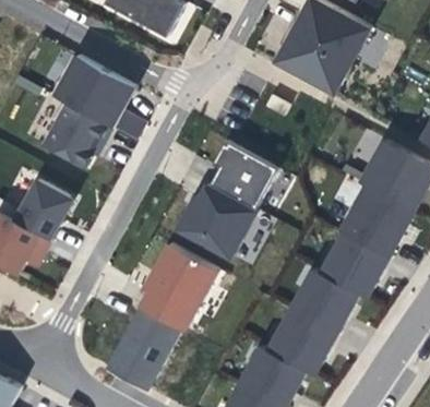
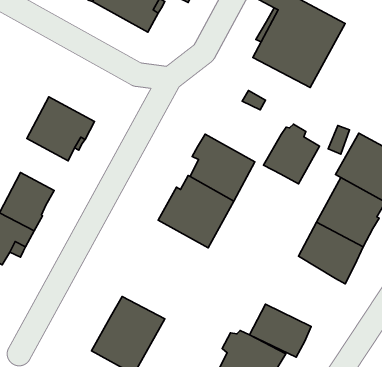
building: [55,56,145,141] -> none
building: none -> [263,124,319,184]
building: [141,244,218,331] -> none
building: [288,265,360,338] -> none

